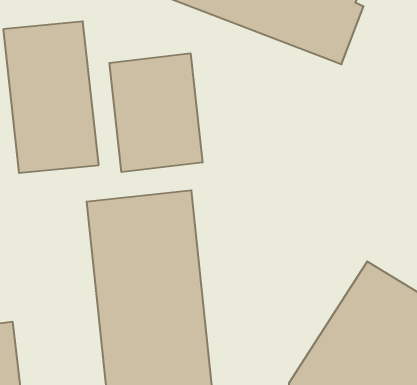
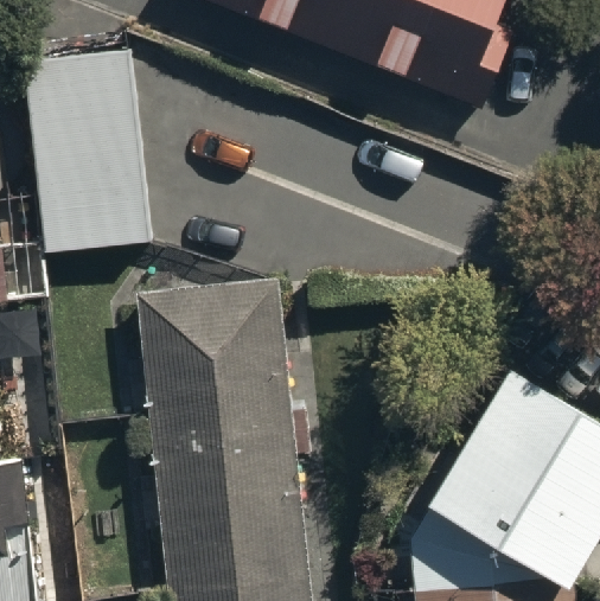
building: [109,53,202,172] -> none

